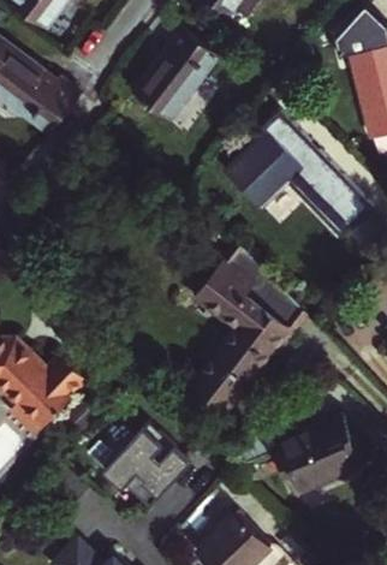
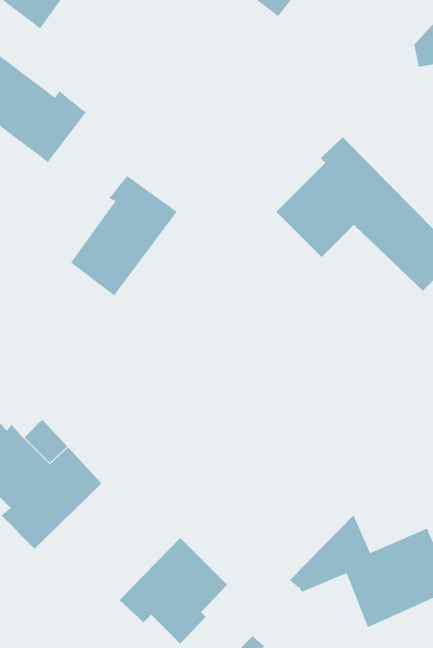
building: [131,26,215,121] -> [70,175,178,296]
building: [196,246,306,411] -> none

